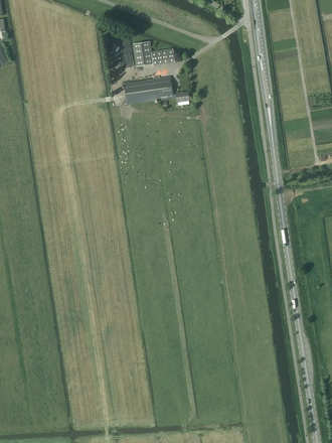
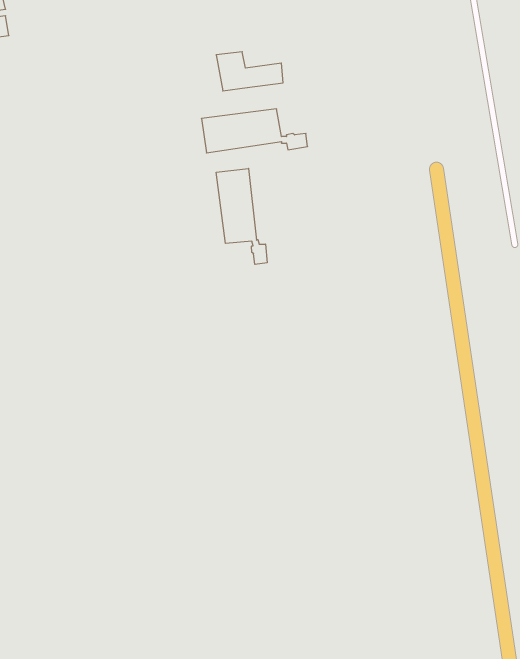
building: none -> [216,168,267,264]

